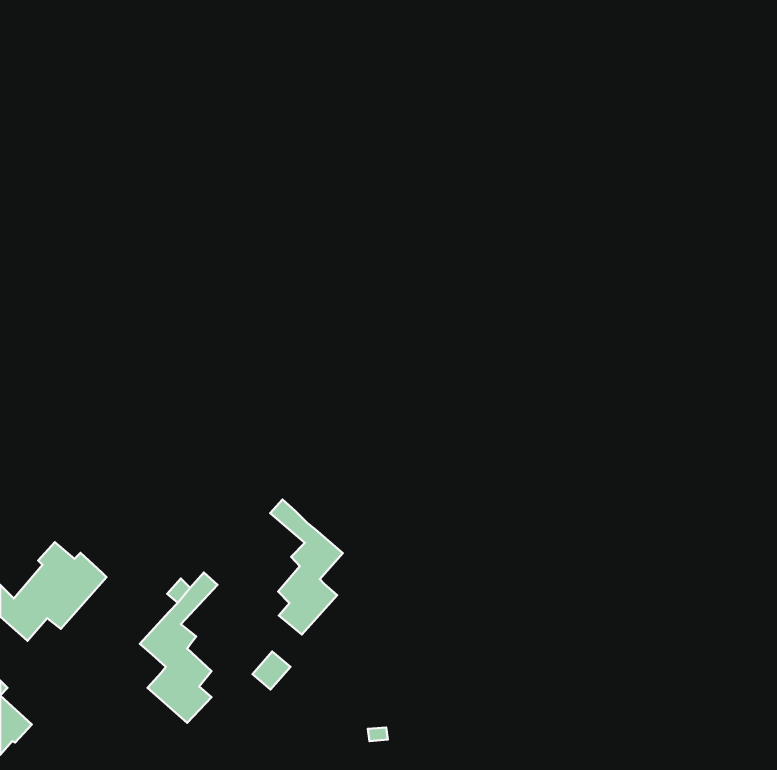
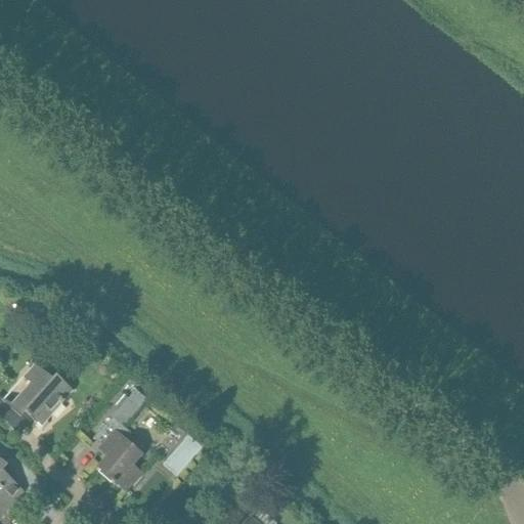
building: [270,500,343,635] -> none

